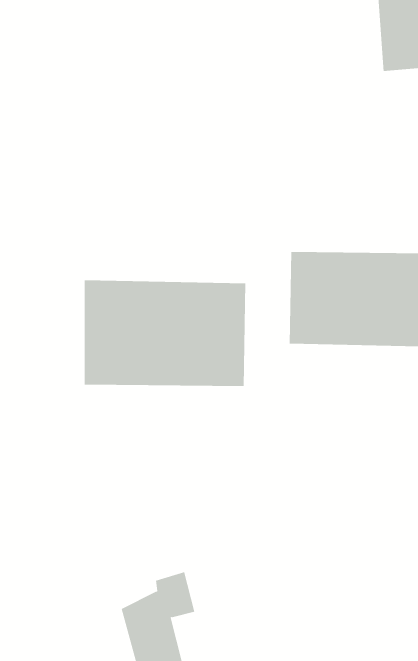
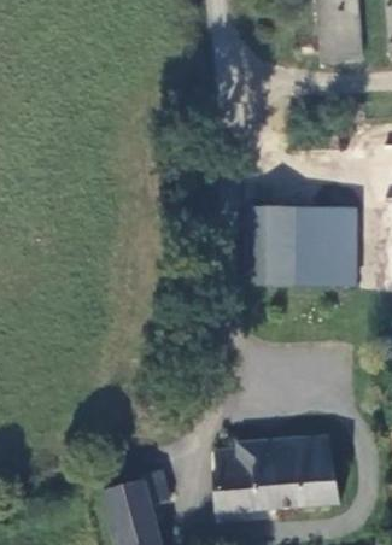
building: [84,280,246,387] -> none
building: none -> [216,435,343,511]

